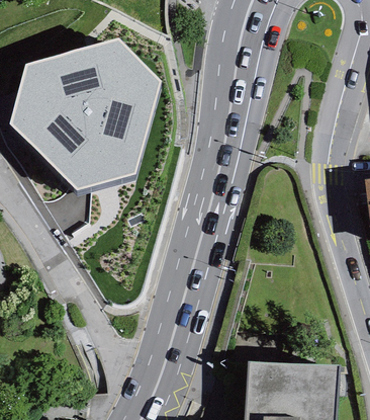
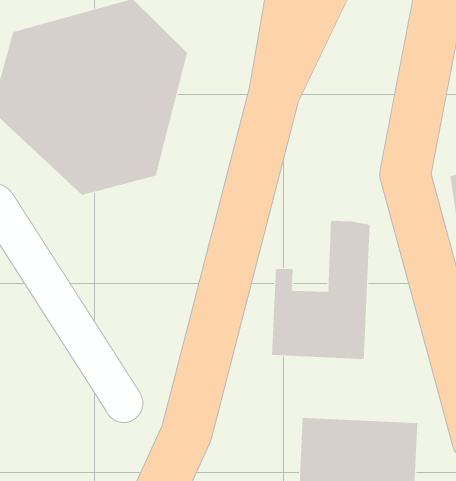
building: none -> [271,220,370,360]

